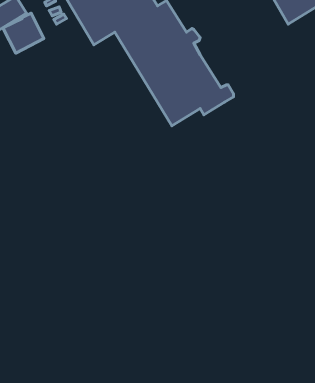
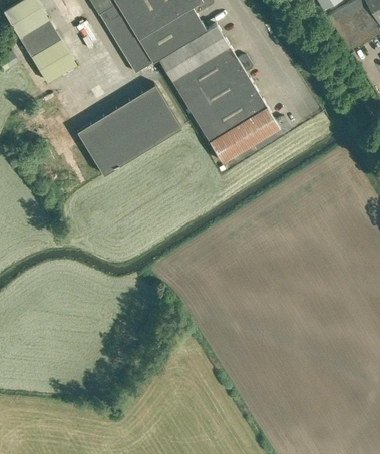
building: none -> [75,82,180,174]

